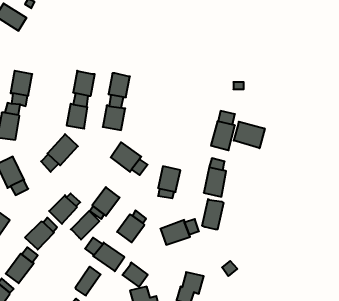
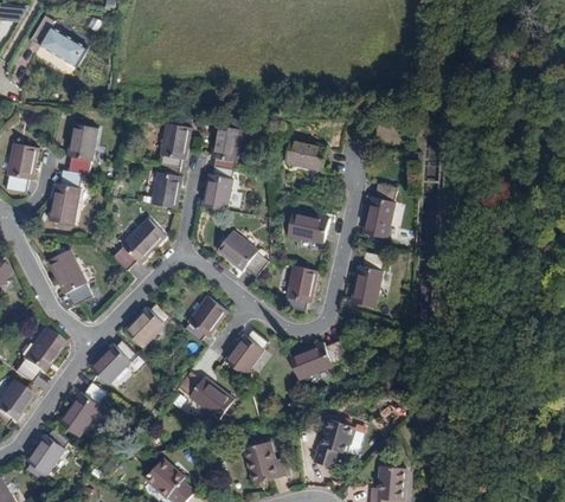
building: none -> [288,141,325,173]
building: [234,122,265,148] -> none
building: none -> [288,211,329,244]
building: [202,199,223,229] -> none
building: [71,211,99,240] -> none
building: [122,262,148,287] -> none
building: [76,267,101,296] -> none

